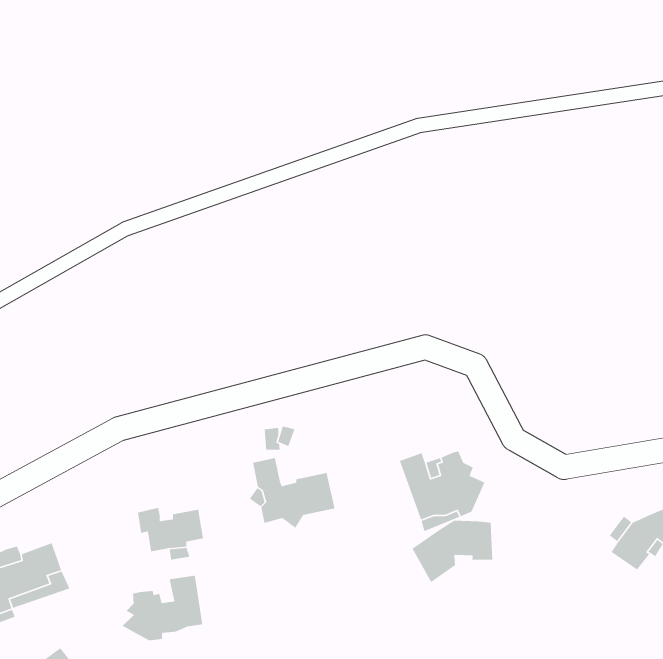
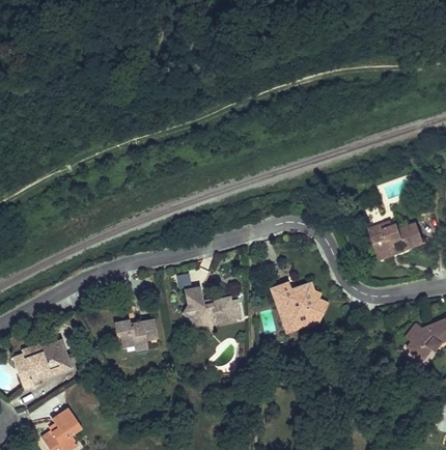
building: none -> [369,220,424,259]
building: [412,520,493,583] -> none
building: [121,575,203,641] -> none

